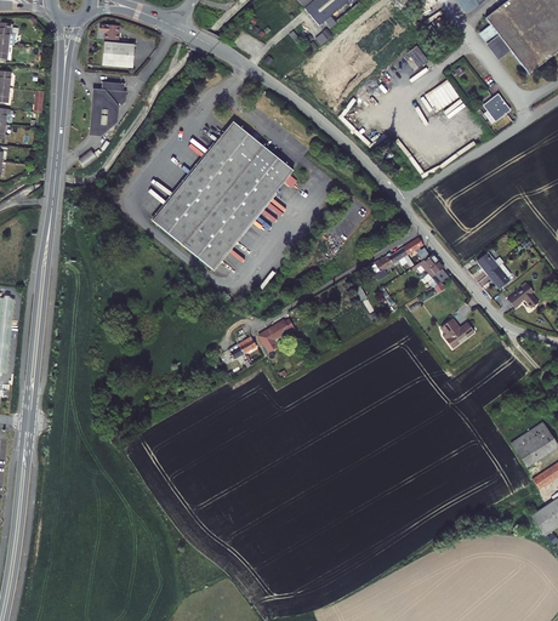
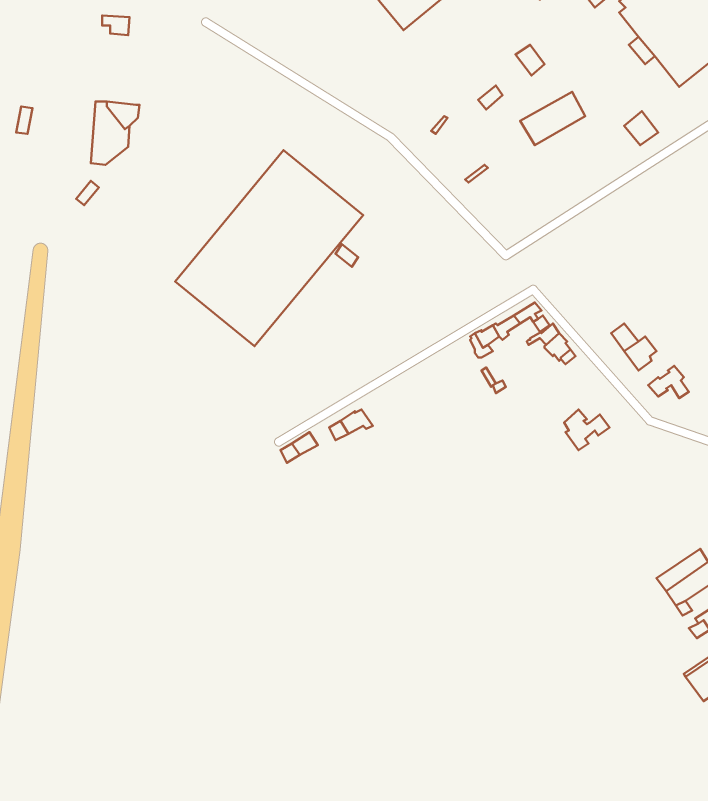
building: [99,40,132,64] -> none

